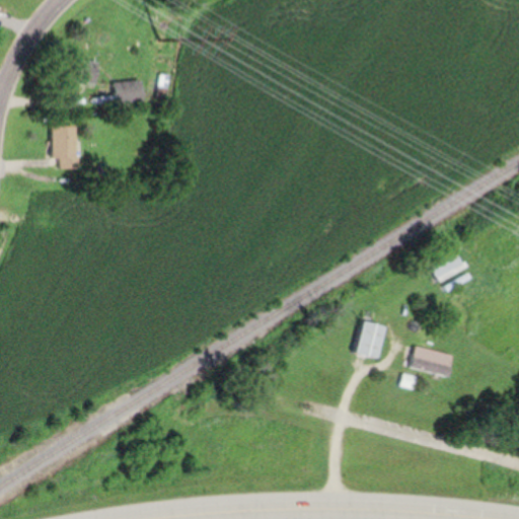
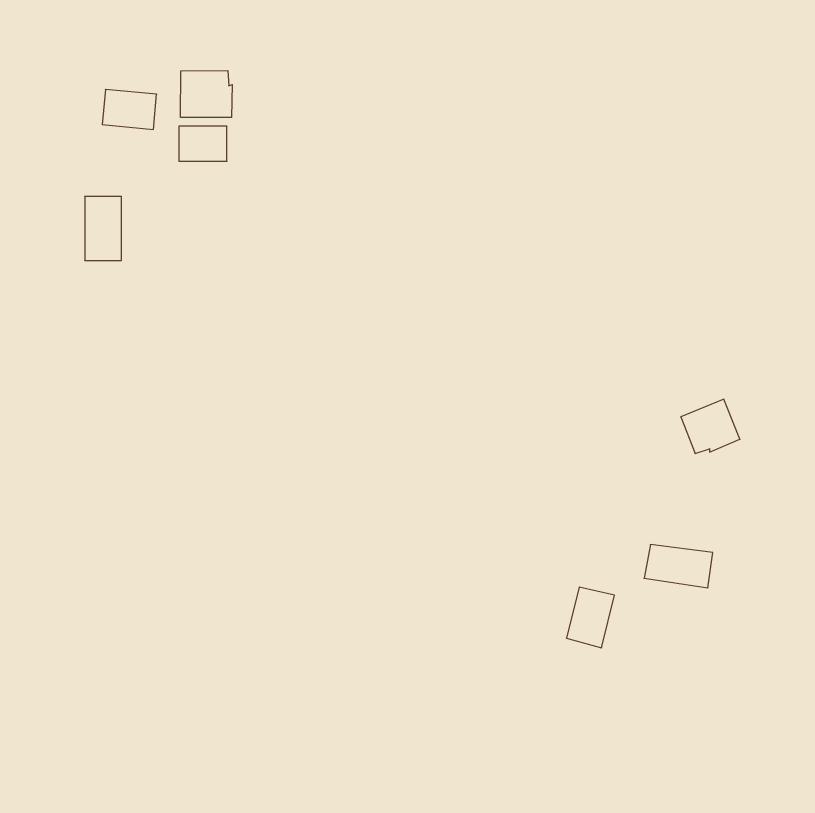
building: none -> [181,71,232,117]
building: [356,320,386,359] -> [566,587,614,648]

